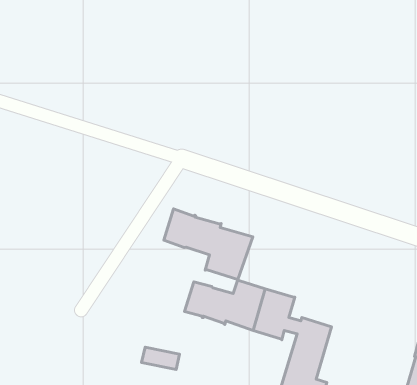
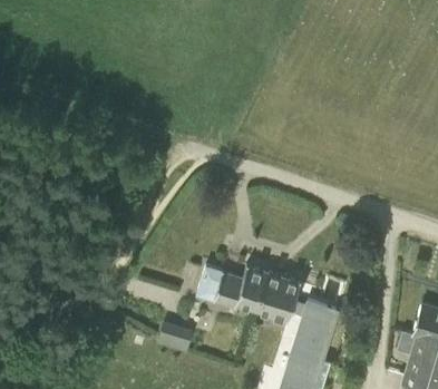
building: [164,209,253,279] -> none

